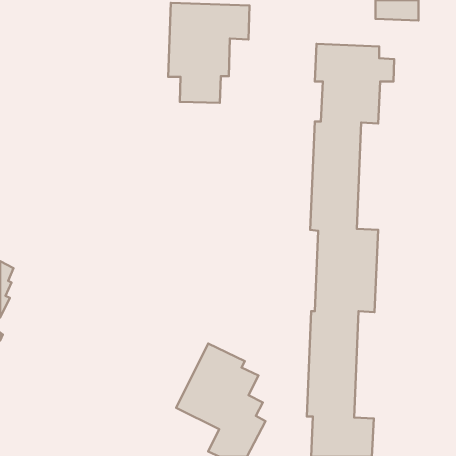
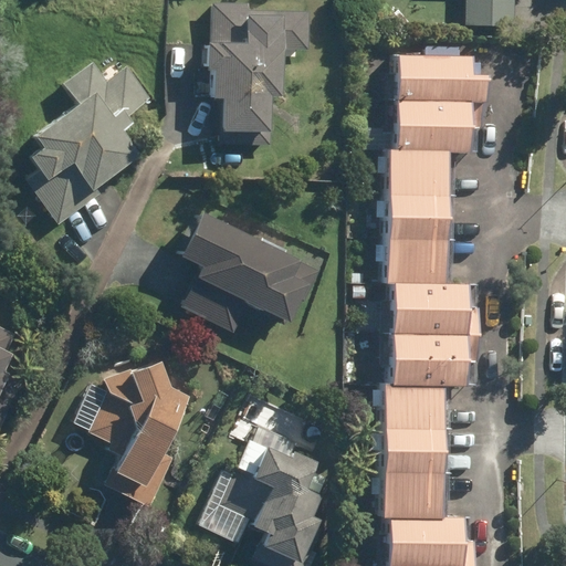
building: none -> [22,62,154,227]
building: none -> [181,211,312,335]
building: none -> [88,361,190,507]

